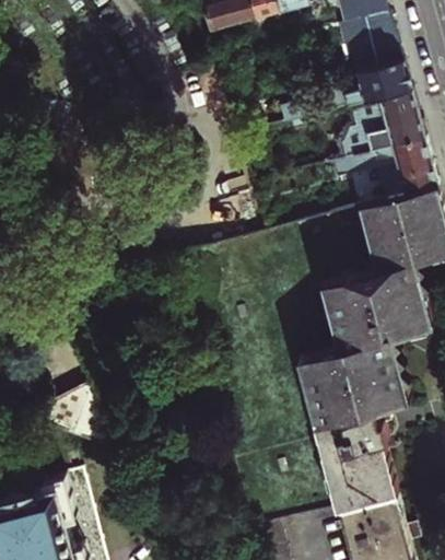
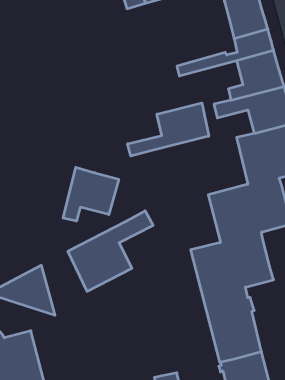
building: none -> [128,103,209,156]
building: none -> [63,167,119,221]
building: none -> [68,211,153,291]

